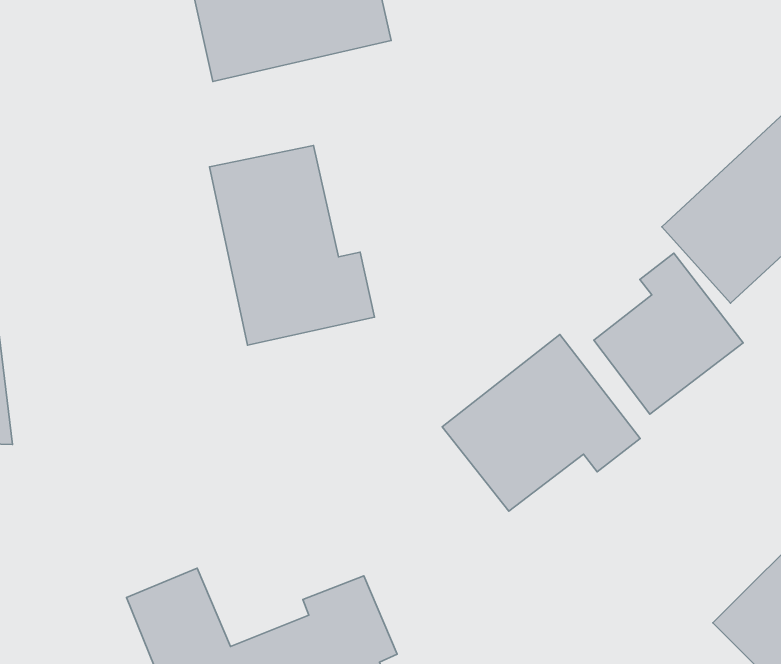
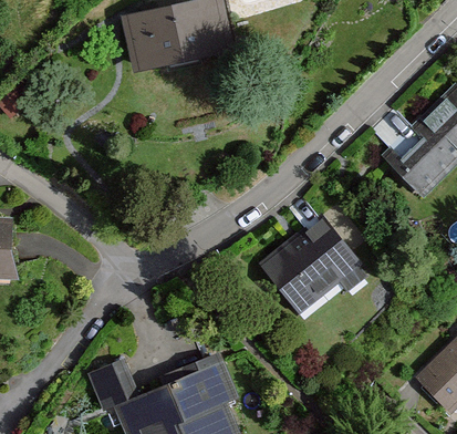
building: [209,145,375,345] -> none
building: [594,253,743,414] -> none

